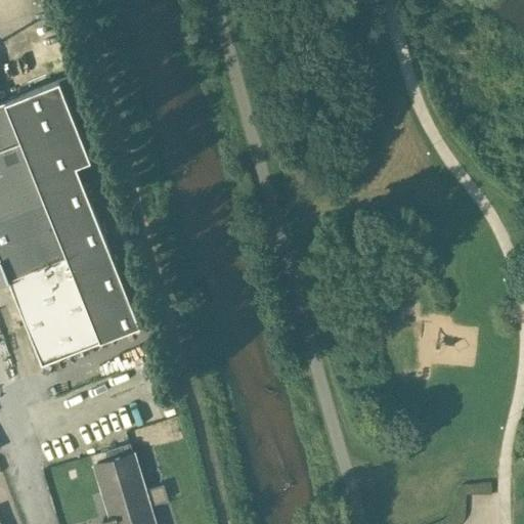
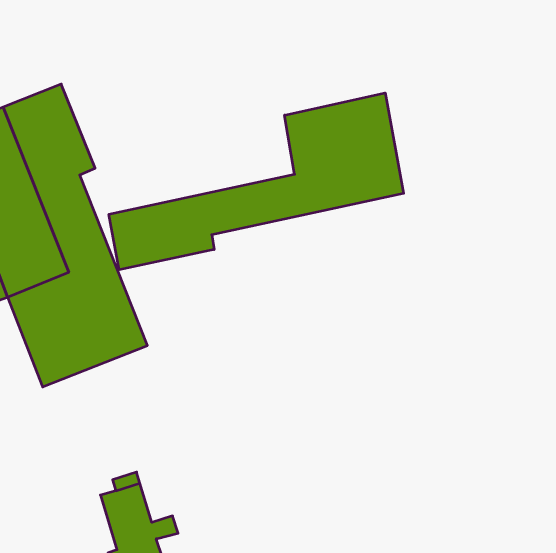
building: none -> [109,93,404,270]

